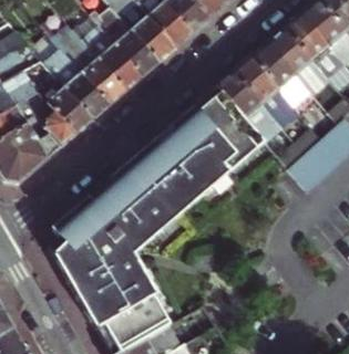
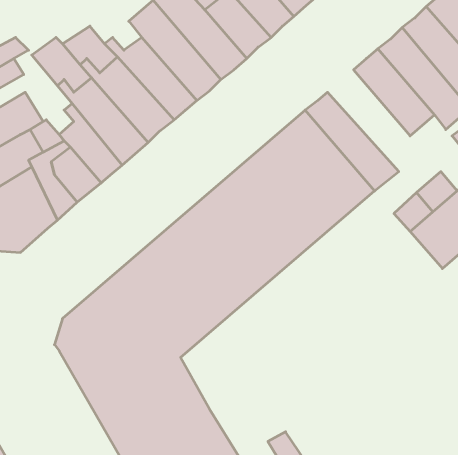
building: [230,58,296,127] -> none

